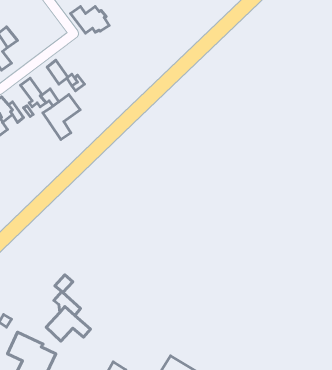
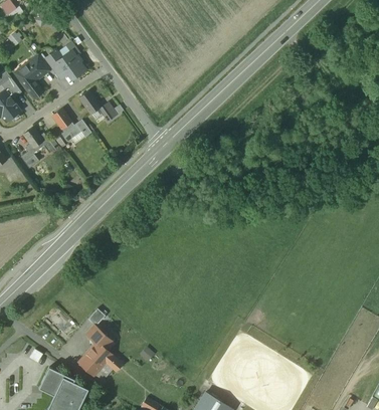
building: [71,7,109,33] -> [46,51,85,78]
building: [43,95,80,140] -> none

